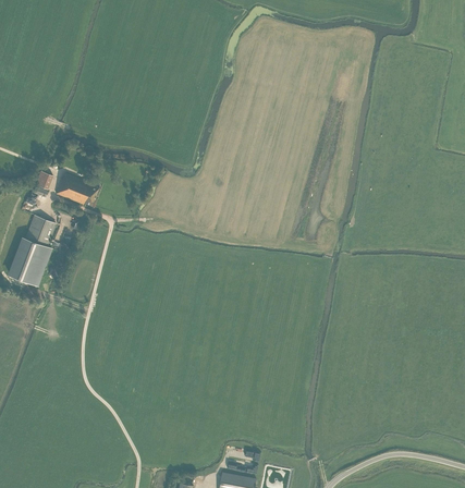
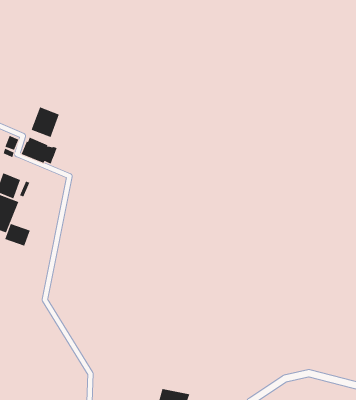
building: none -> [31,106,60,138]
building: none -> [4,223,30,247]

